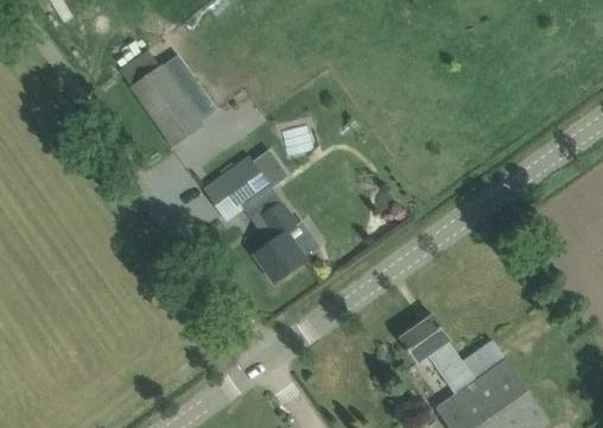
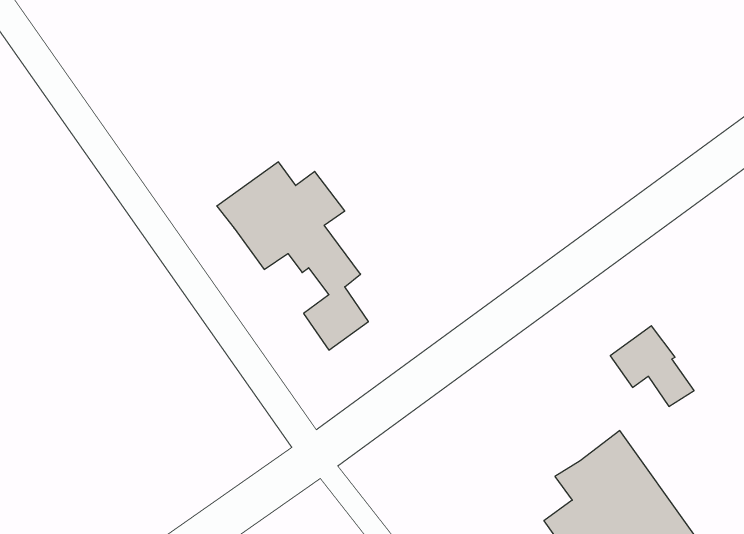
building: [120,51,216,146] -> none
building: [401,316,464,377] -> [610,326,694,406]

